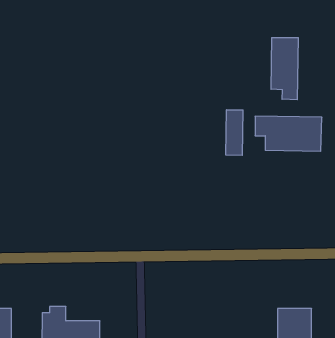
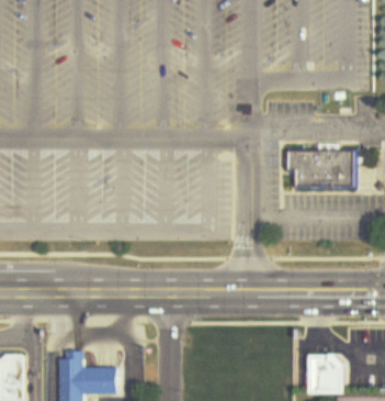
building: [271,38,298,100] -> none
building: [226,110,243,155] -> none

